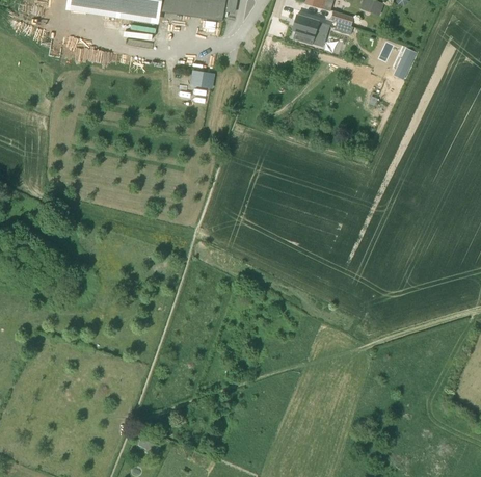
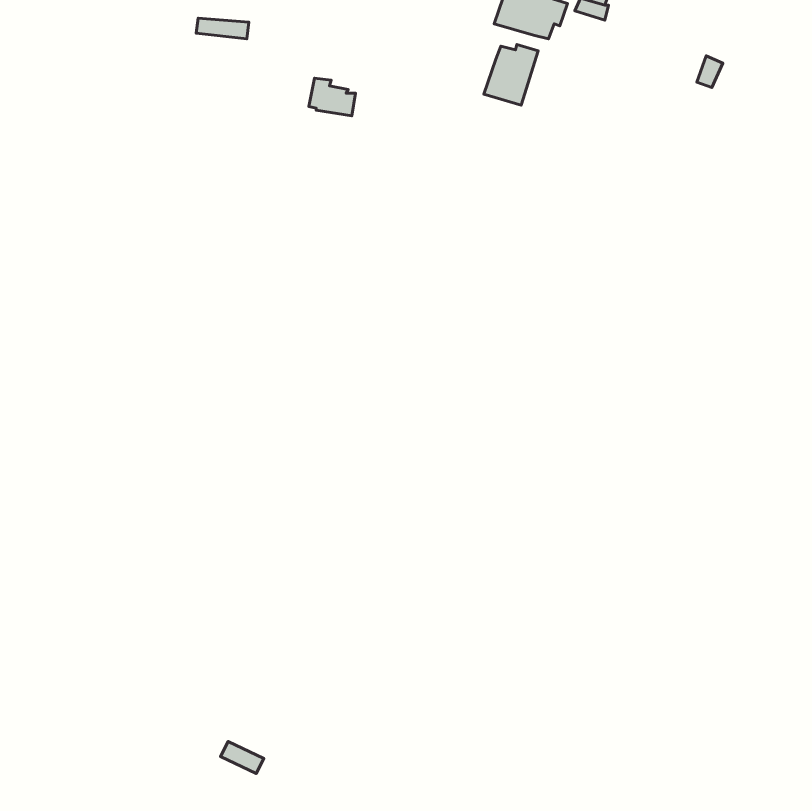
building: none -> [484,45,538,105]

